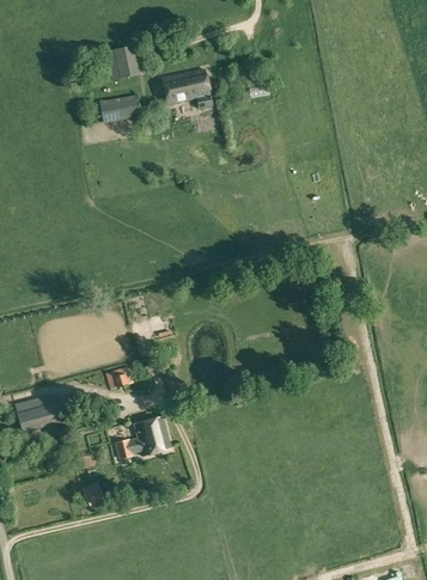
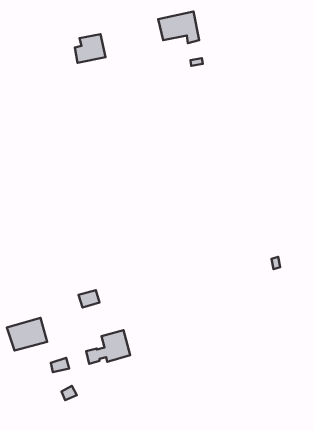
building: [160,67,212,106] -> [158,12,199,43]
building: [99,92,140,121] -> none

